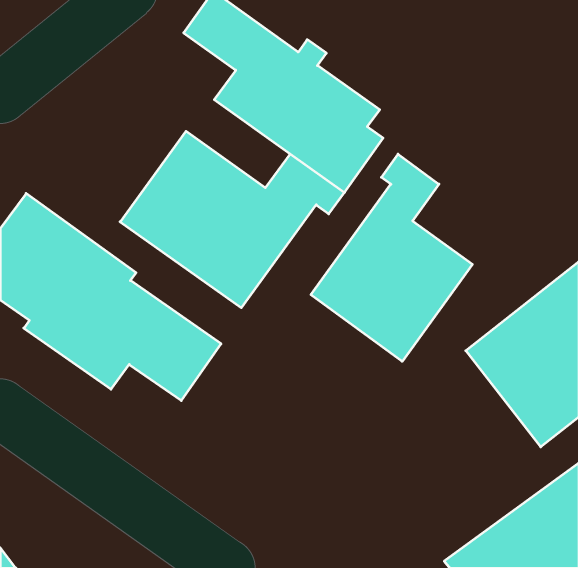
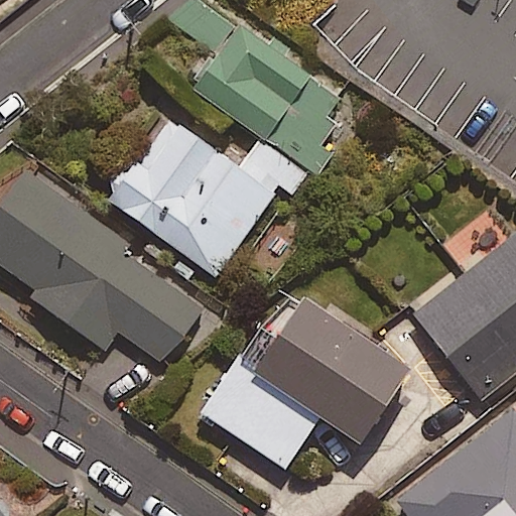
building: [311,154,472,361] -> none
building: none -> [203,289,410,469]

